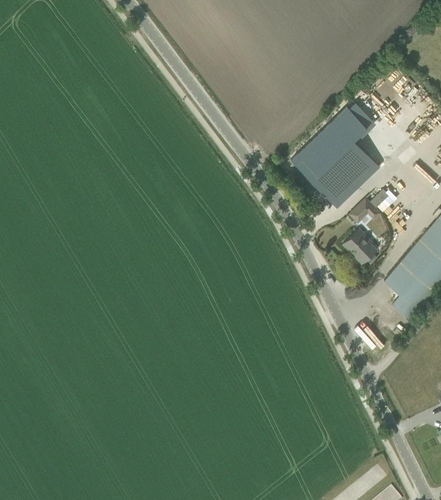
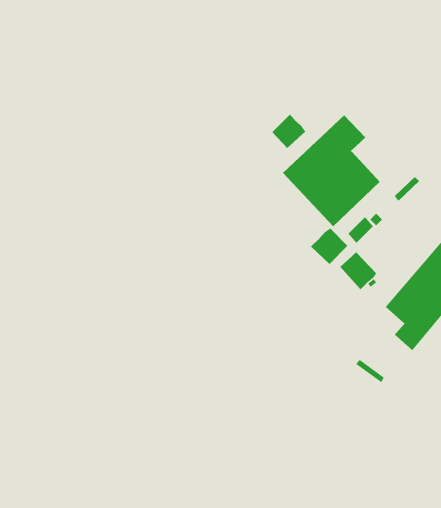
building: none -> [271,114,306,149]
building: none -> [310,227,348,265]

